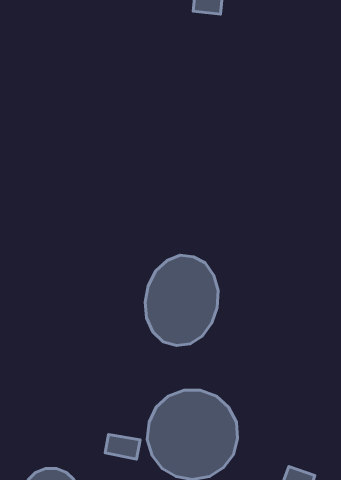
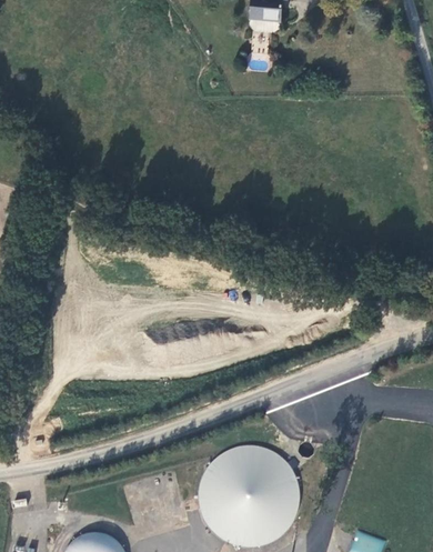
building: [145,255,218,345] -> none
building: [105,434,140,459] -> none

